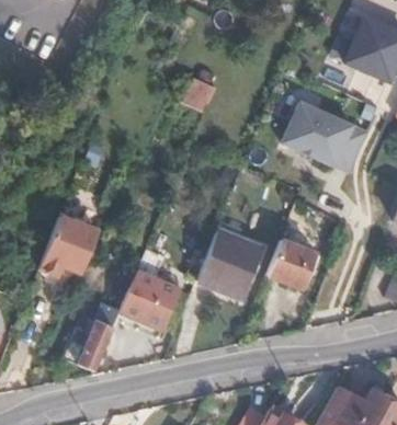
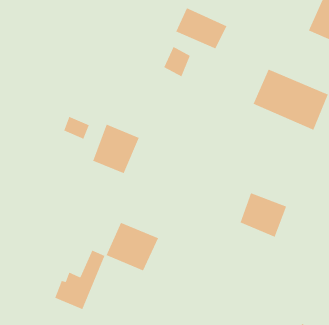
building: none -> [175,7,228,49]
building: [45,215,98,271] -> [92,124,140,174]
building: [198,229,264,298] -> none

